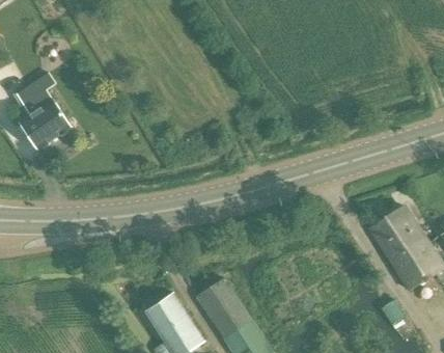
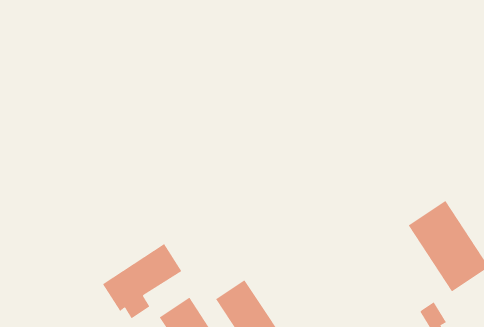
building: [15,78,70,148] -> none
building: none -> [102,243,182,319]

